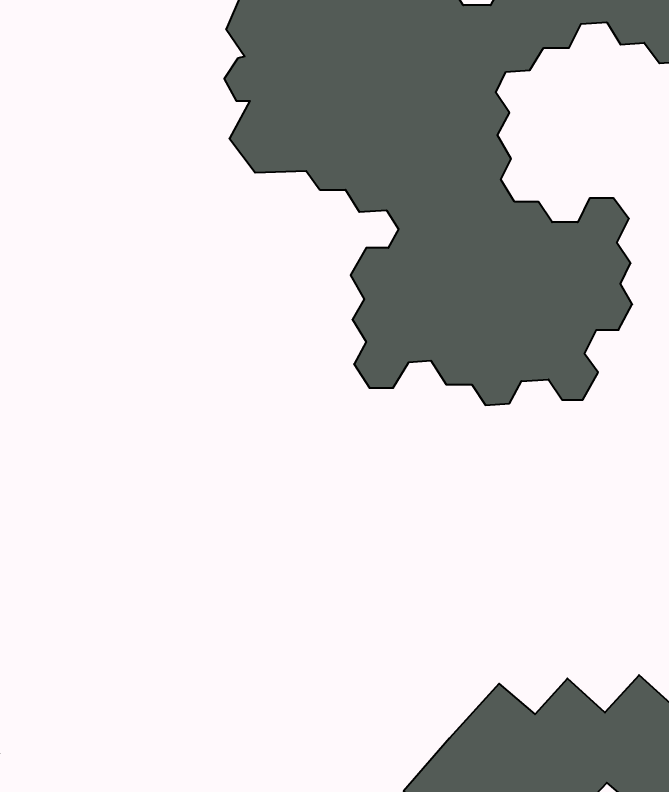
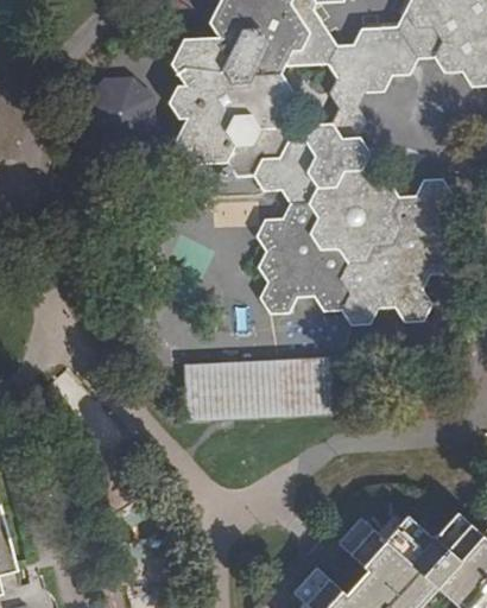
building: none -> [88,76,156,144]
building: none -> [179,355,335,425]

